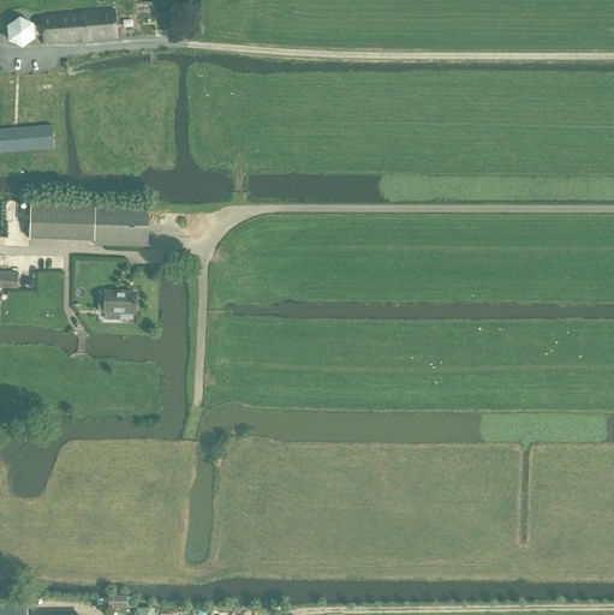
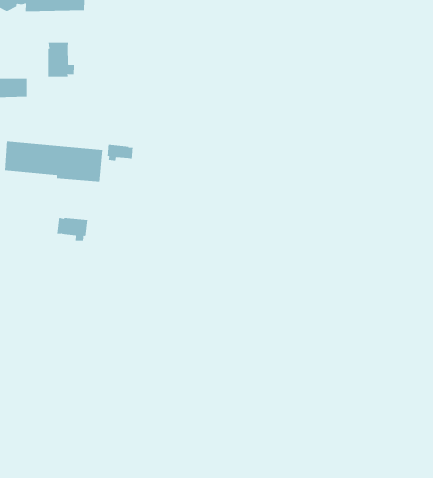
building: none -> [48,42,75,77]
building: none -> [107,144,133,162]

